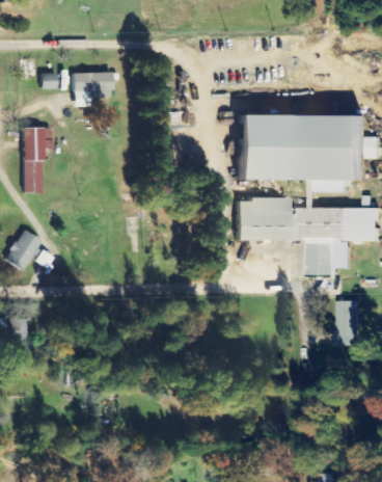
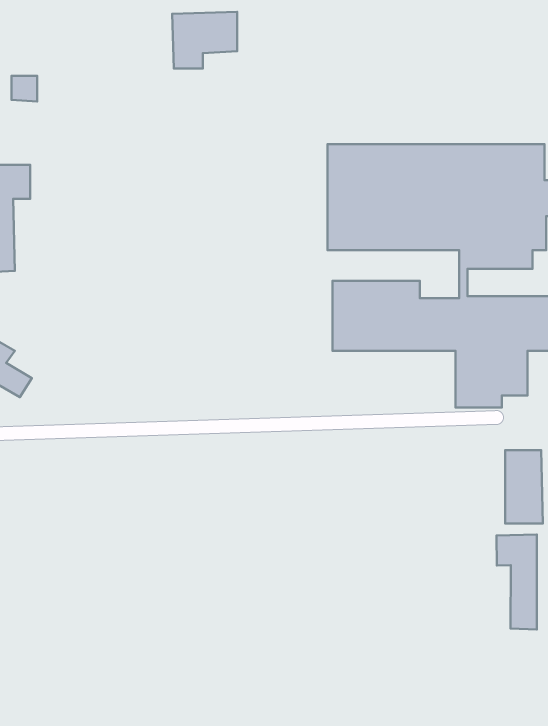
building: [72,72,111,106] -> [172,12,237,68]
building: none -> [497,535,537,629]

